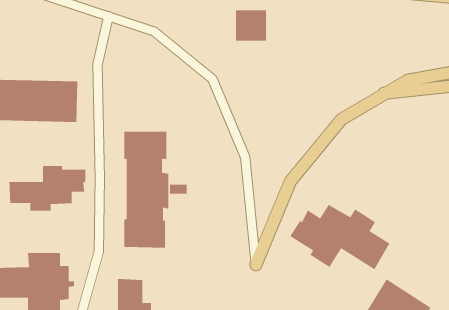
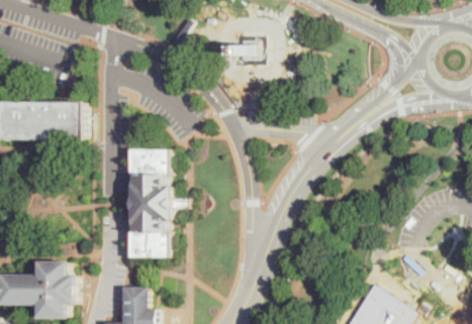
building: [9,165,86,211] -> none
building: [290,204,390,270] -> none

